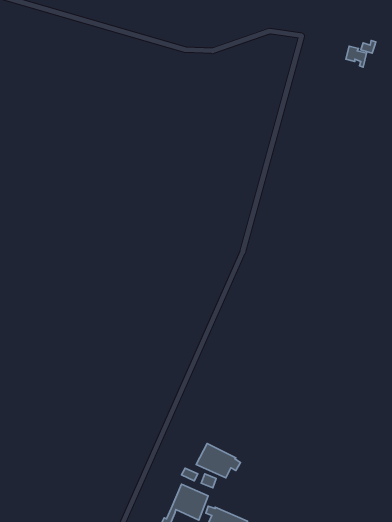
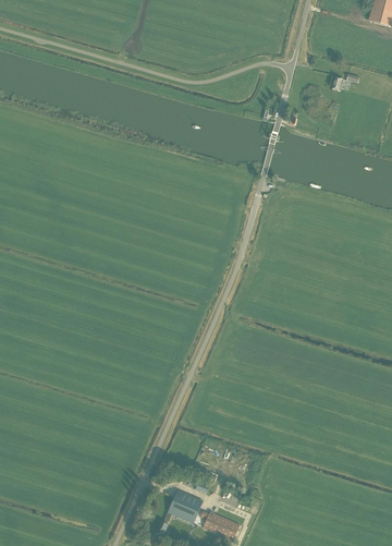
building: [196,444,240,478] -> none

